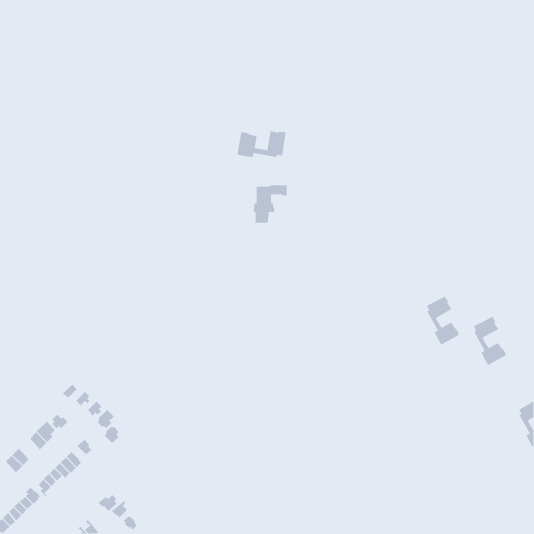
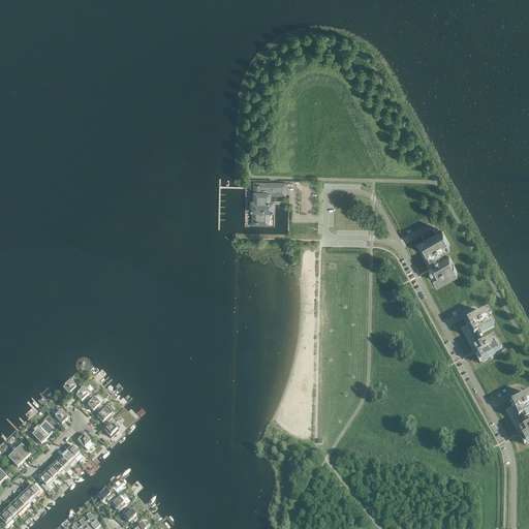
building: [237,130,286,158] -> none
building: [426,295,460,346] -> [422,229,455,279]

